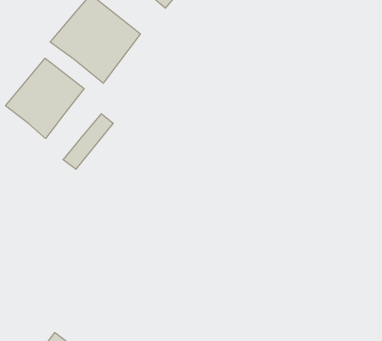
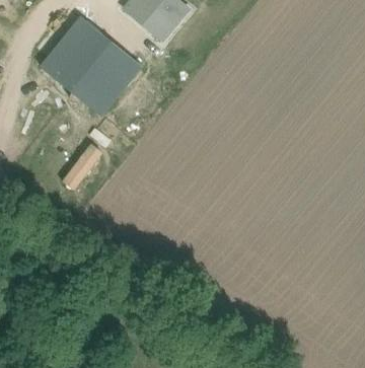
building: [6,58,84,138] -> none

